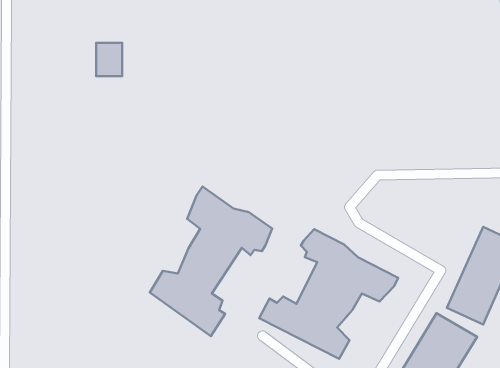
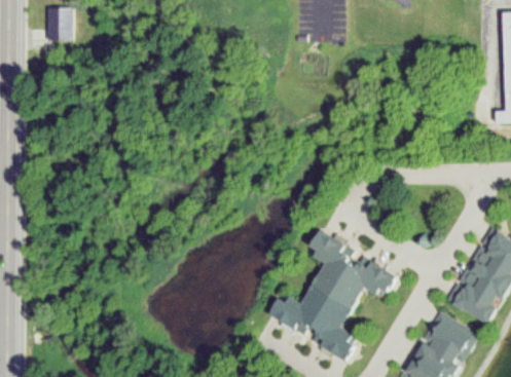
building: [96,43,122,76] -> [48,8,74,41]
building: [150,186,272,336] -> none

